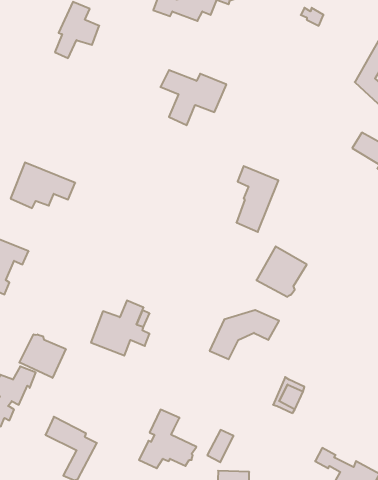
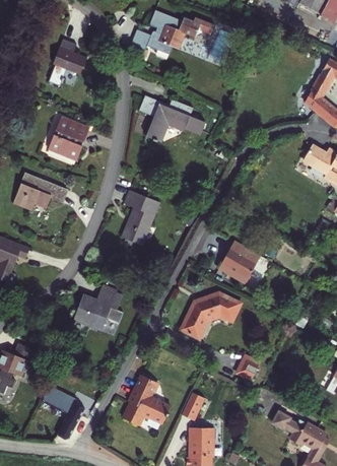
building: none -> [53,115,90,156]
building: [236,166,278,232] -> [124,186,159,242]
building: [19,334,66,378] -> none

